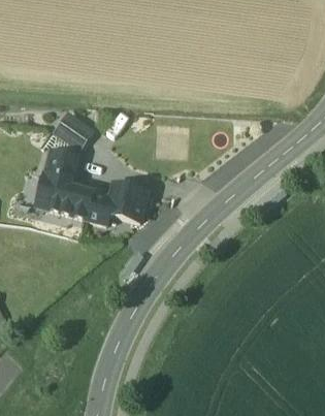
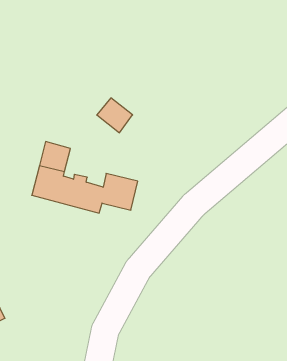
building: [55,113,92,149] -> [97,98,133,133]

